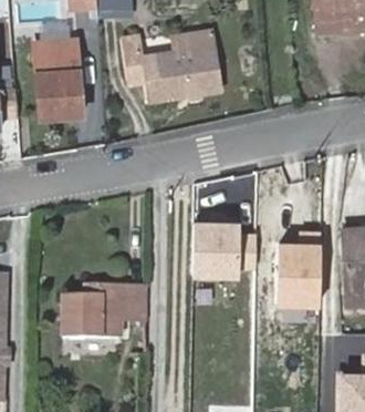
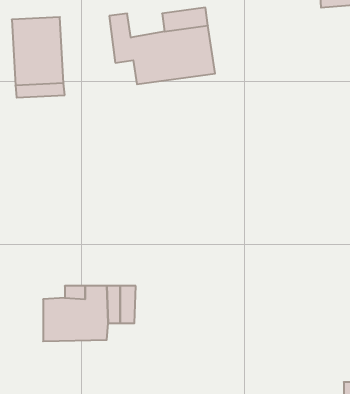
building: [194,224,242,285] -> none
building: [277,243,323,310] -> none

